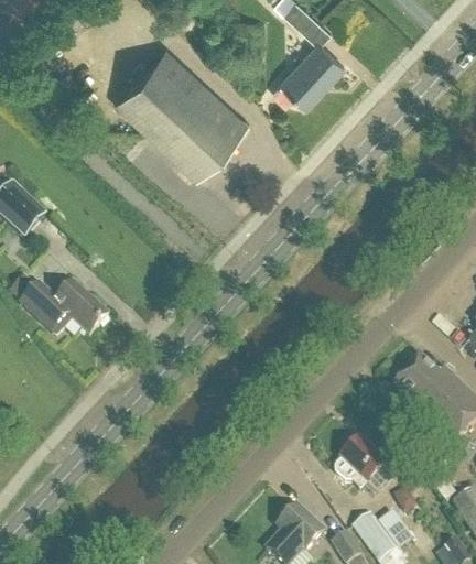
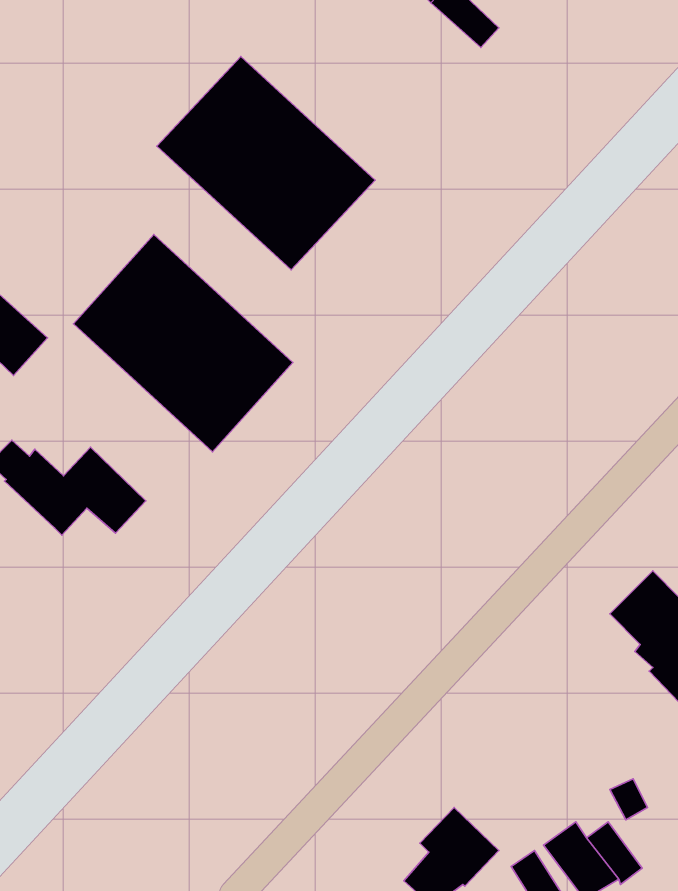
building: [273,35,343,99] -> none
building: none -> [73,235,293,452]
building: [334,434,386,487] -> none

